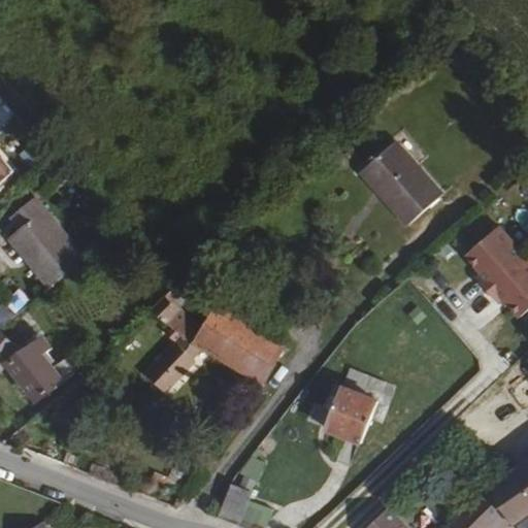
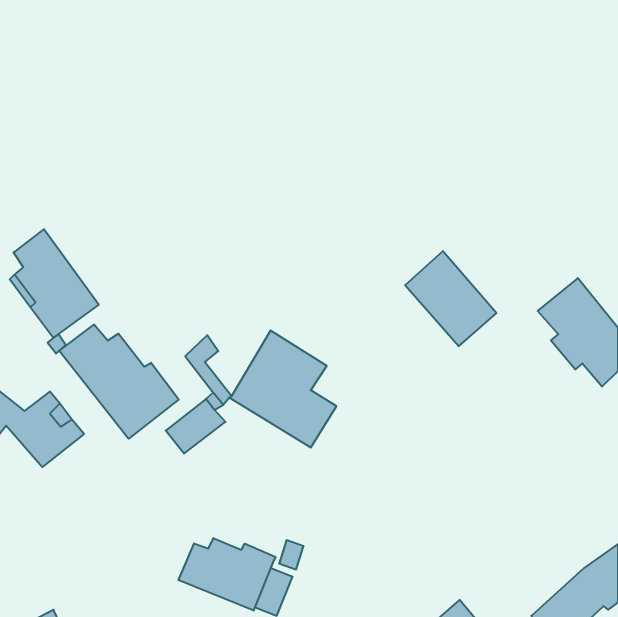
building: [371,147,449,228] -> [405,251,496,346]
building: none -> [59,325,179,439]
building: [324,392,377,448] -> none
building: none -> [178,538,275,611]

